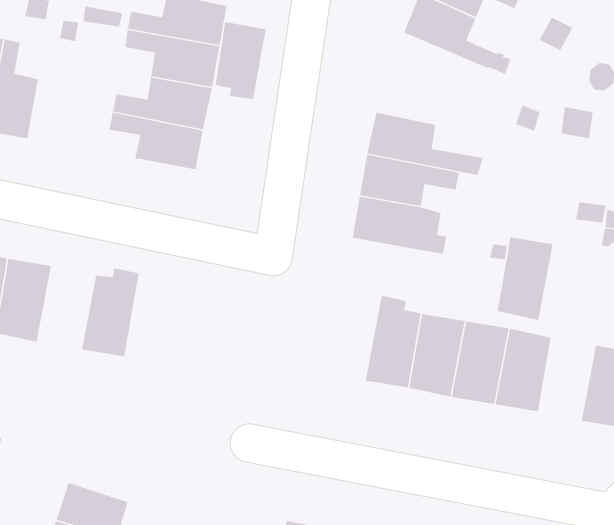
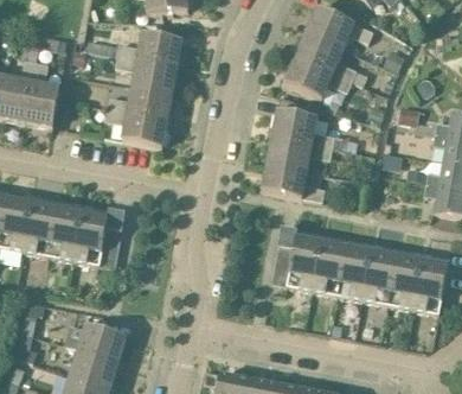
building: [215,21,266,100] -> none
building: none -> [285,57,352,97]
building: [497,236,554,321] -> [384,254,421,309]
building: none -> [59,208,97,262]
building: none -> [79,323,127,361]

